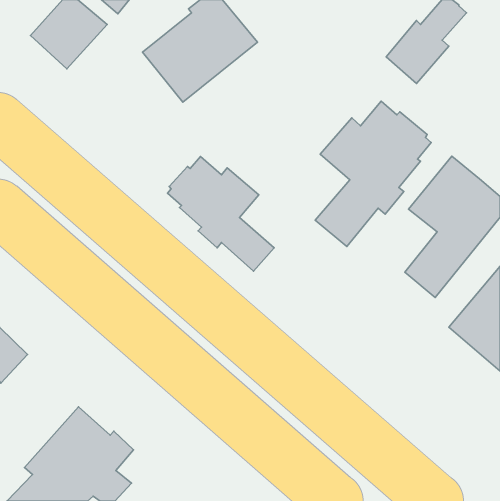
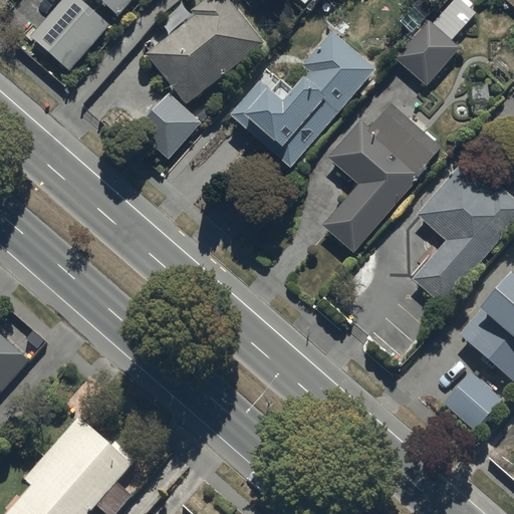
building: none -> [228,33,372,169]
building: none -> [142,93,201,152]
building: [167,156,274,271] -> none
building: none -> [440,370,502,434]

